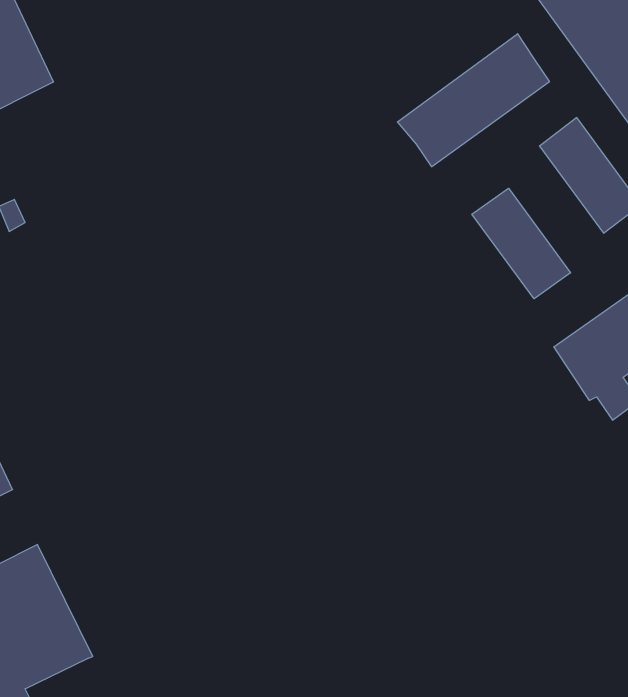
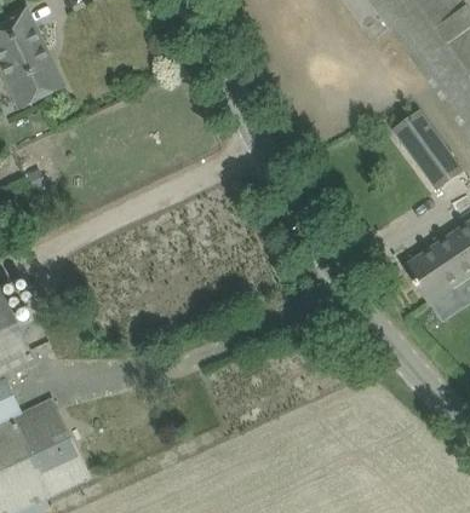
building: [397,34,549,167] -> none
building: [472,188,571,299] -> none

